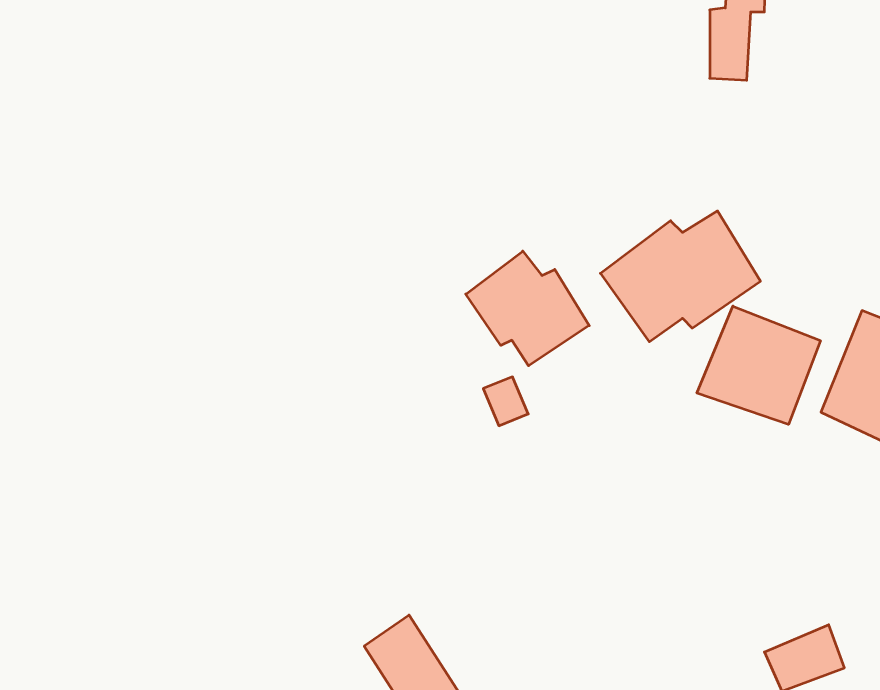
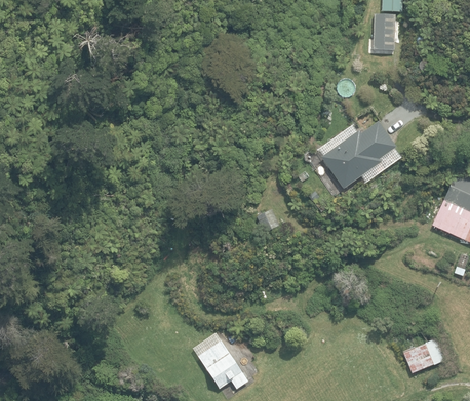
building: [466,251,589,366] -> none
building: [697,306,820,424] -> none

